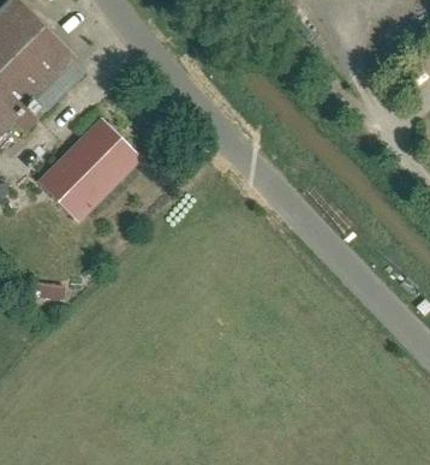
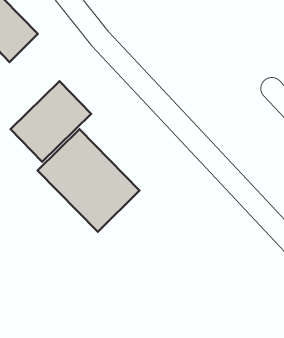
building: none -> [38,129,139,232]

